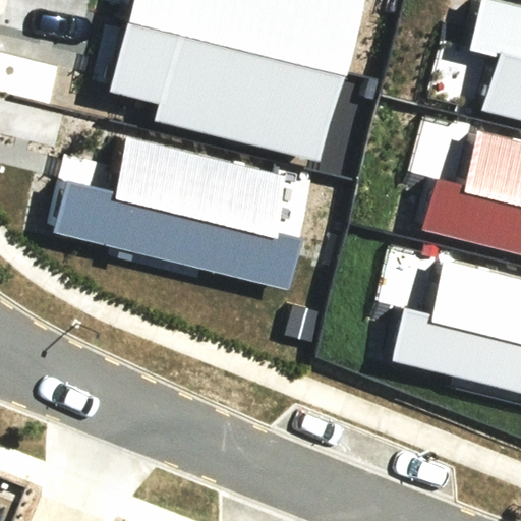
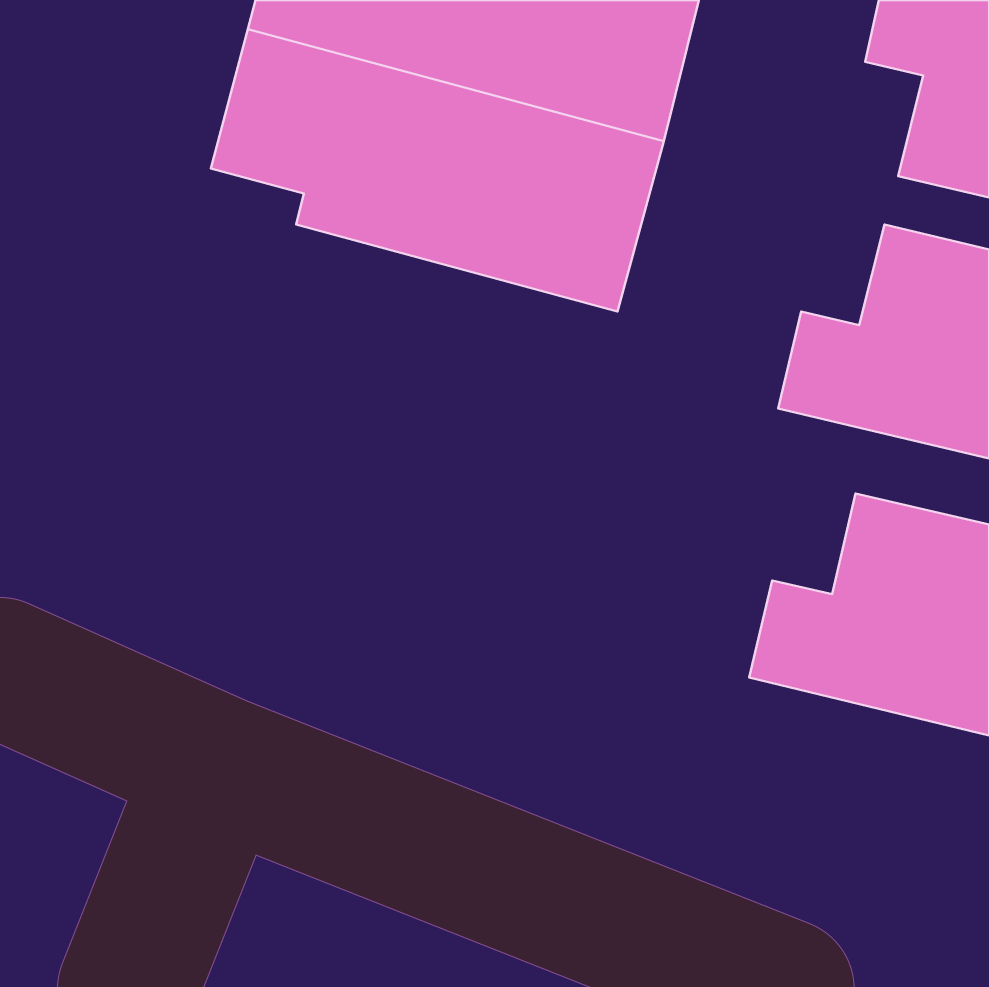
building: [56,139,308,288] -> none

